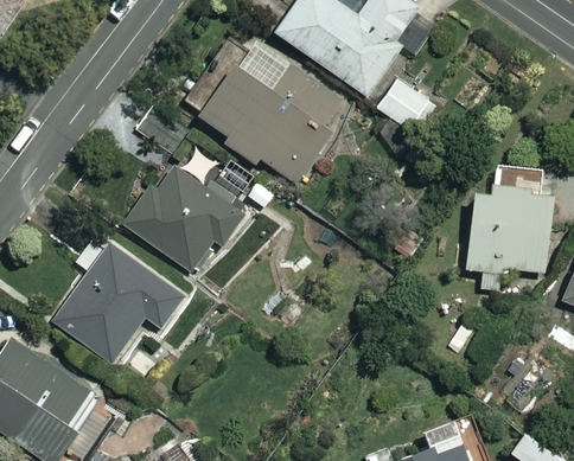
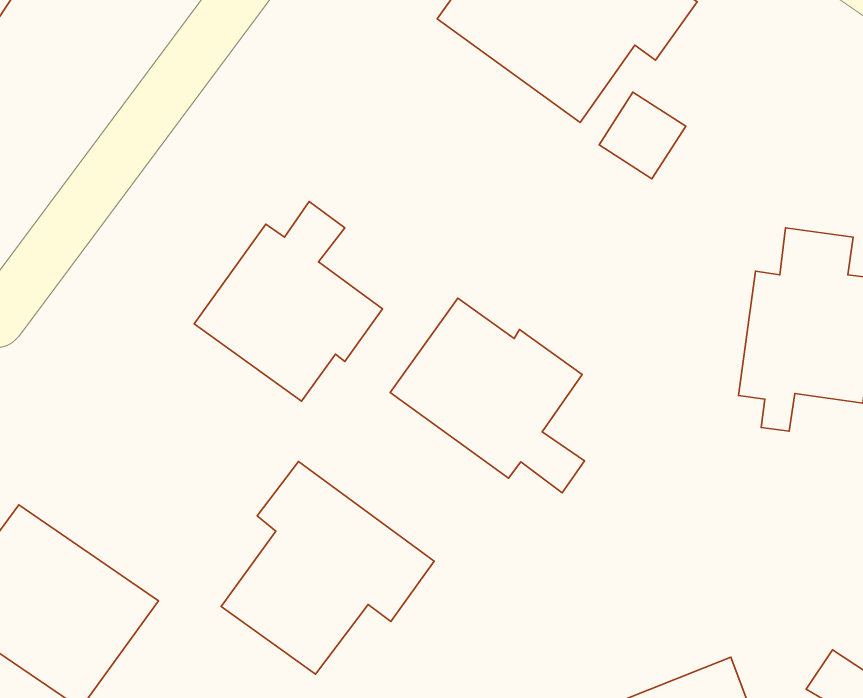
building: [200,38,345,184] -> none
building: none -> [390,298,584,493]
building: [52,229,186,363] -> [221,461,434,674]

